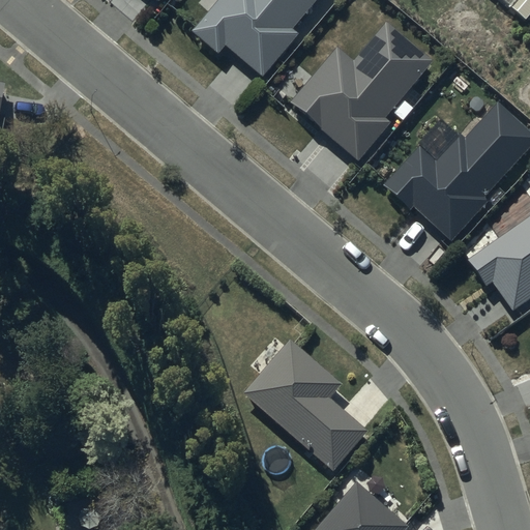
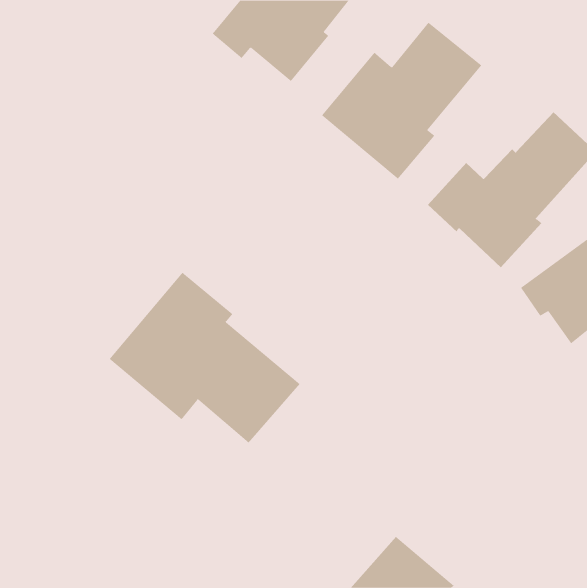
building: none -> [109,272,300,443]
building: [243,338,369,470] -> none

